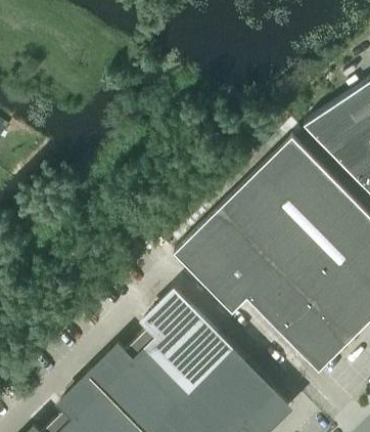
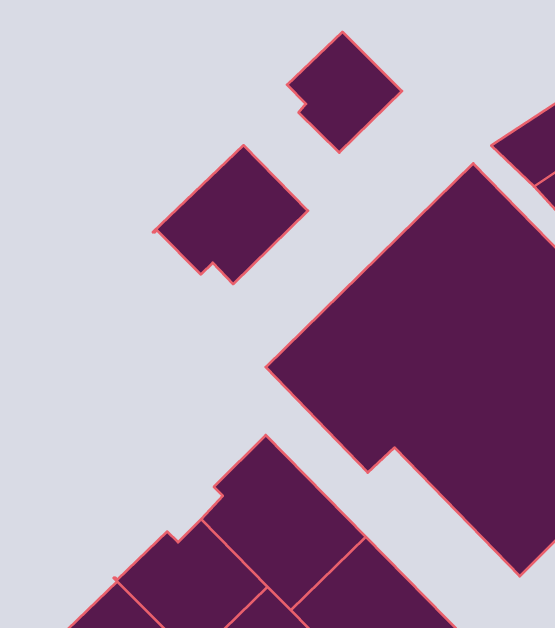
building: none -> [287,32,402,153]
building: none -> [153,145,308,284]

